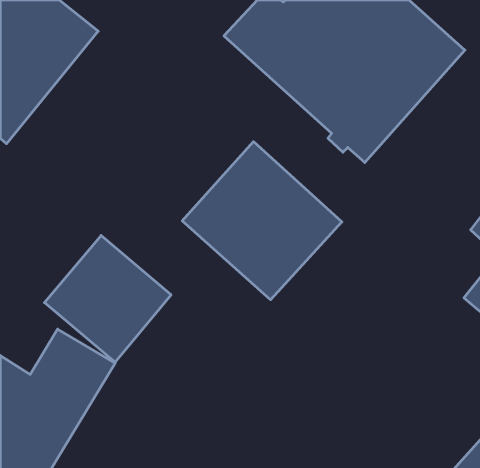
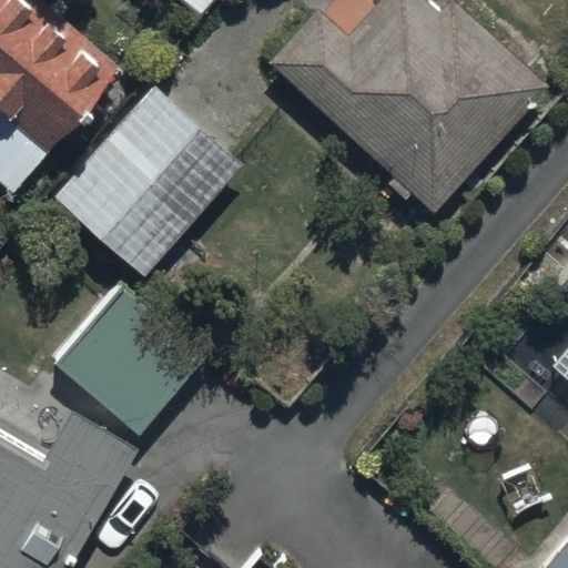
building: none -> [52,82,243,275]
building: [182,142,342,300] -> none

